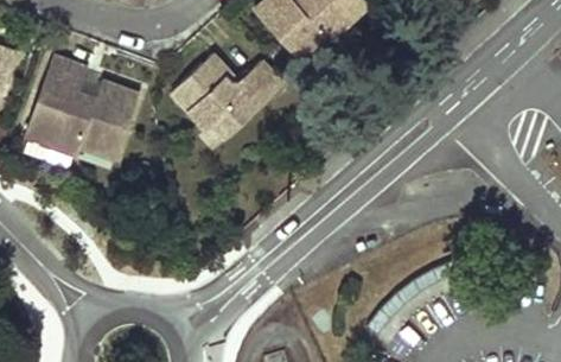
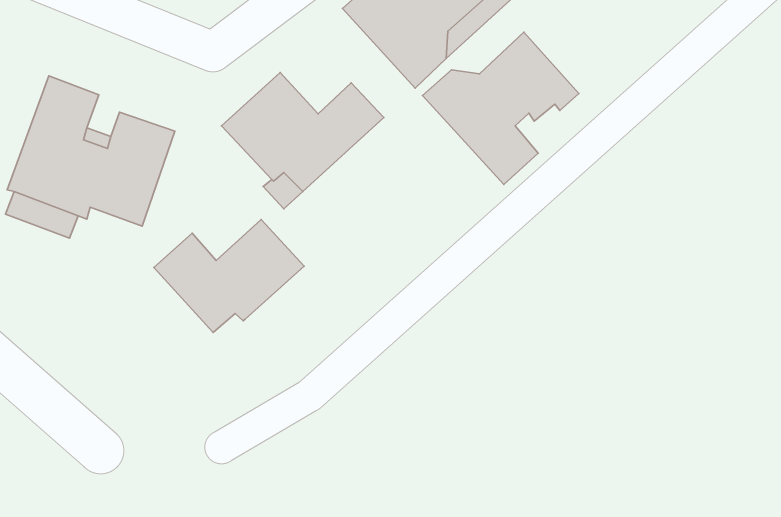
building: none -> [422,32,579,185]
building: none -> [154,219,304,332]

